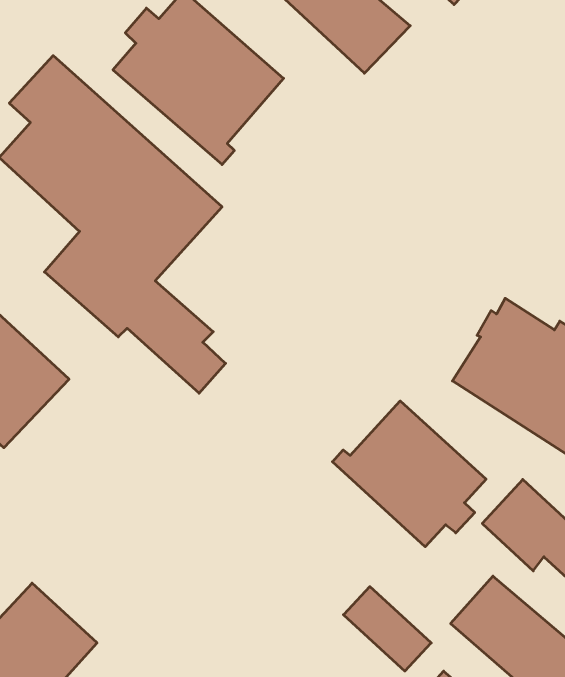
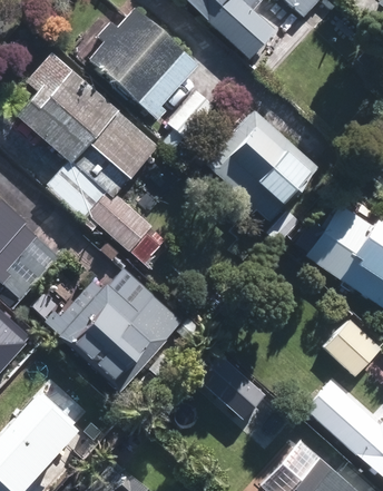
building: none -> [202,110,318,222]
building: none -> [32,267,184,380]
building: [332,401,486,547] -> none

